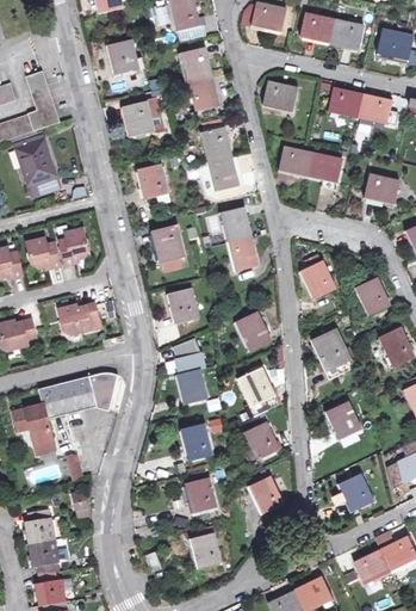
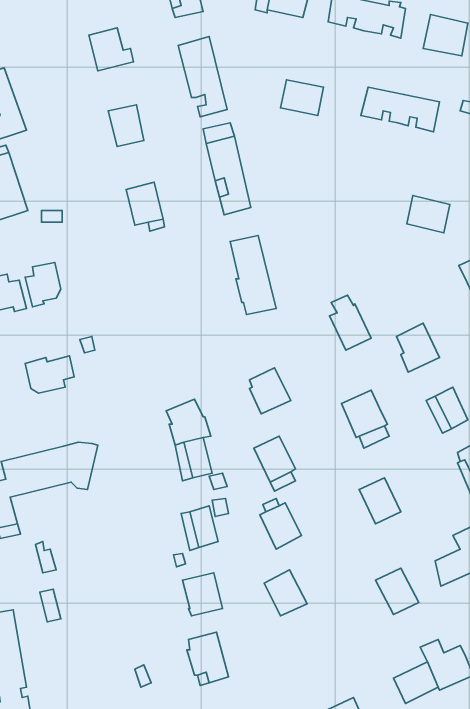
building: [278,146,341,183] -> none
building: [154,226,185,270] -> none
building: [168,288,198,322] -> none

